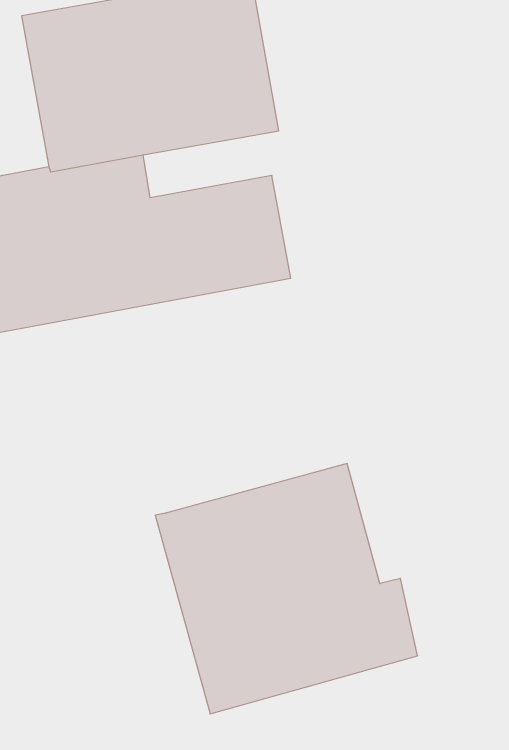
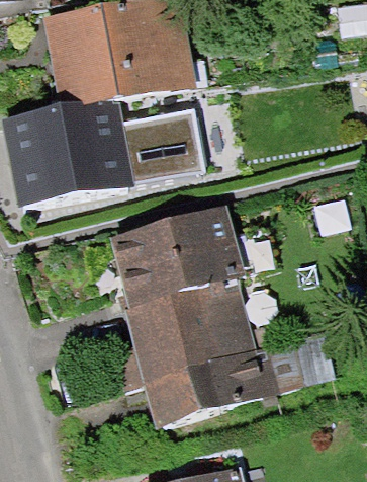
building: none -> [110,205,248,309]

